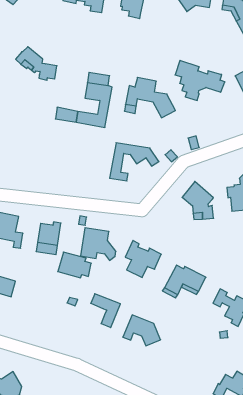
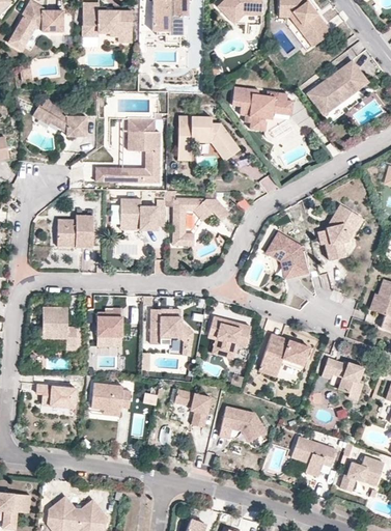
building: none -> [119,198,157,229]
building: none -> [56,215,92,247]
building: [58,252,91,278] -> [92,383,132,411]
building: none -> [290,437,336,477]

